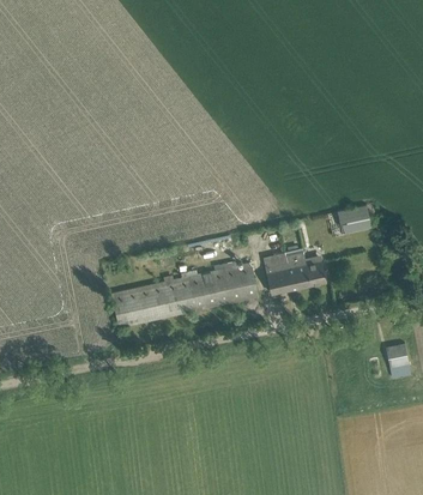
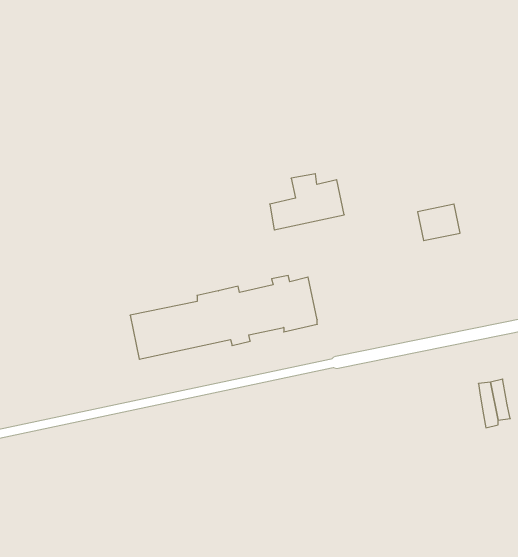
building: [267,249,326,294] -> [270,174,344,230]

